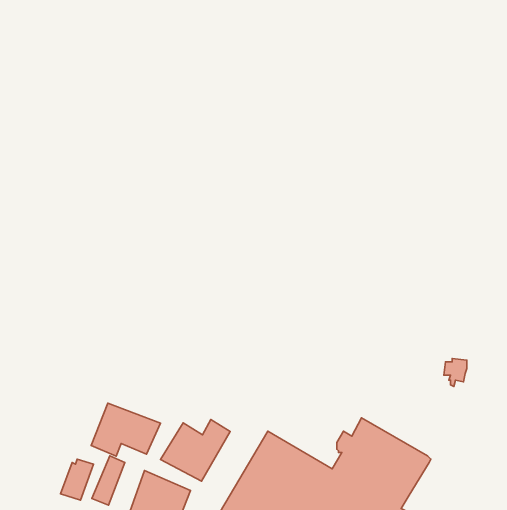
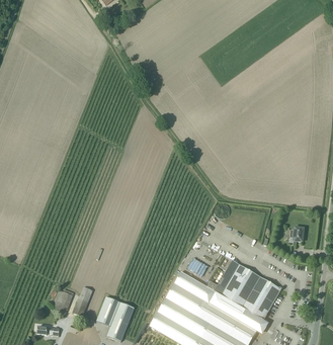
building: [91,403,160,456] -> none
building: [161,420,230,481] -> none

